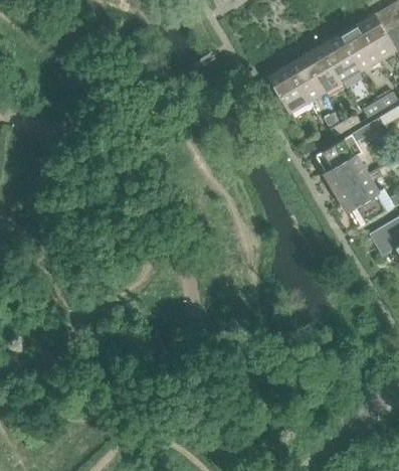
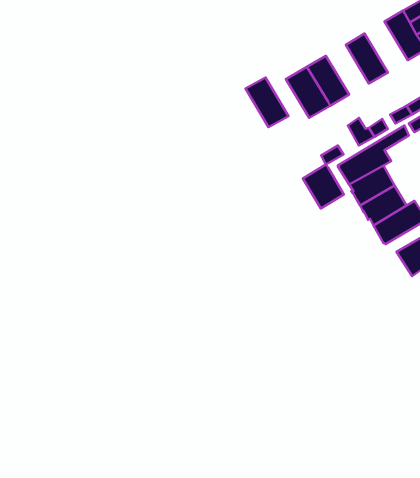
building: [340,24,379,70] -> none
building: [305,45,344,91] -> [245,77,289,127]
building: none -> [303,164,344,208]

